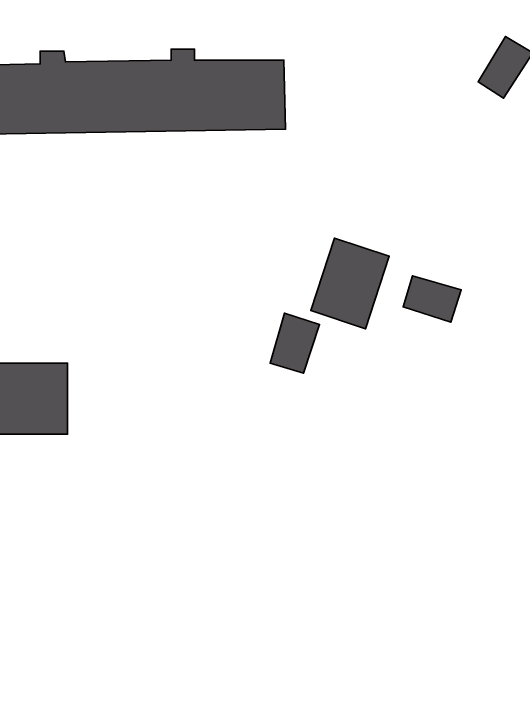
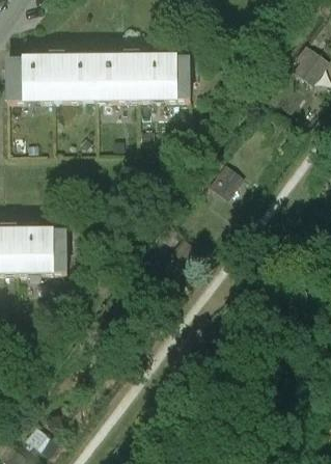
building: [403,276,461,322] -> none
building: [270,313,319,373] -> none

